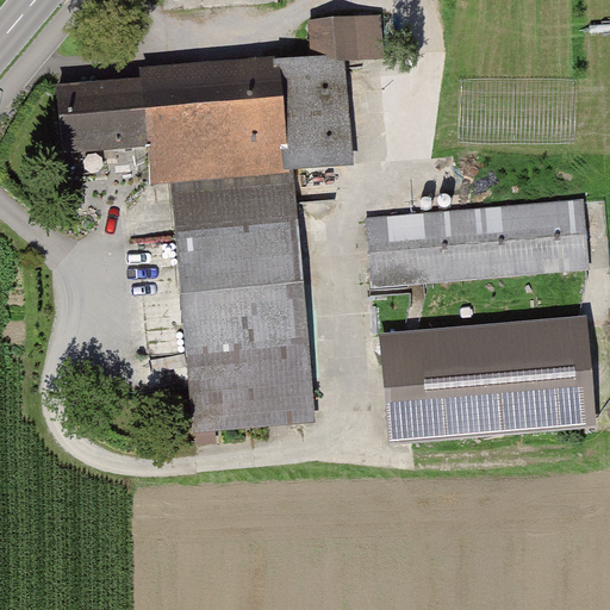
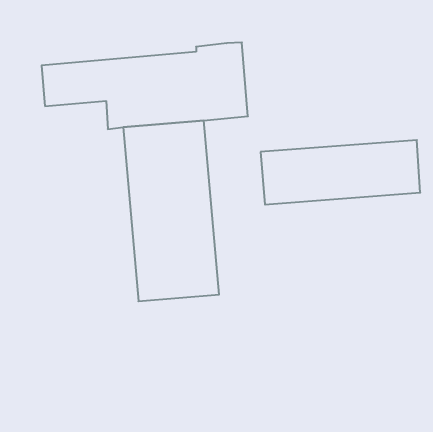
building: [316,17,380,61] -> none
building: [378,317,599,441] -> none

